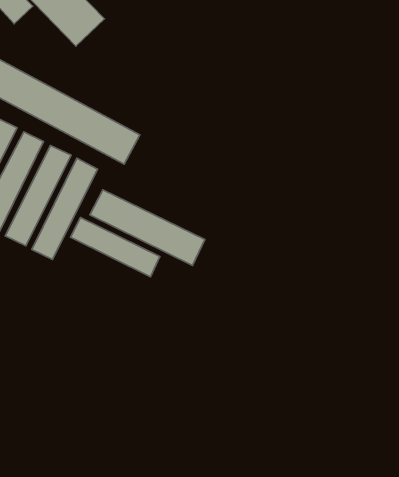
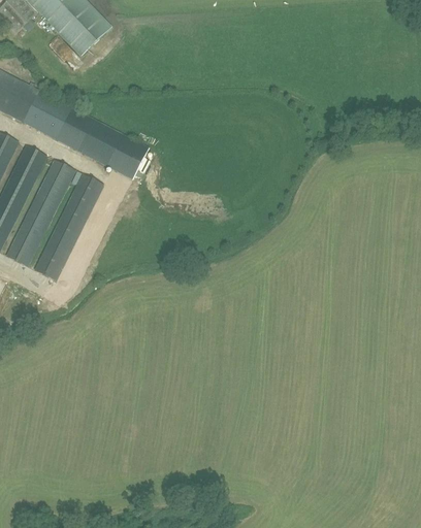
building: [90,190,205,266] -> none
building: [70,218,160,277] -> none

